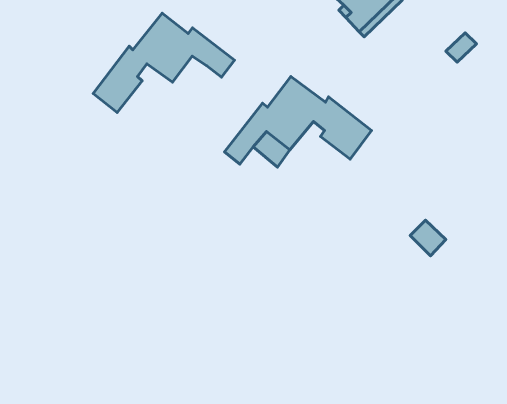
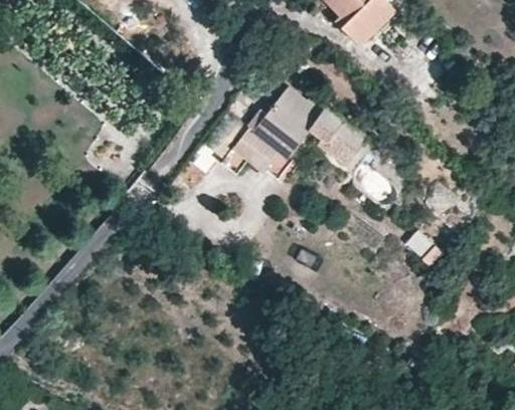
building: [93,13,234,113] -> none

